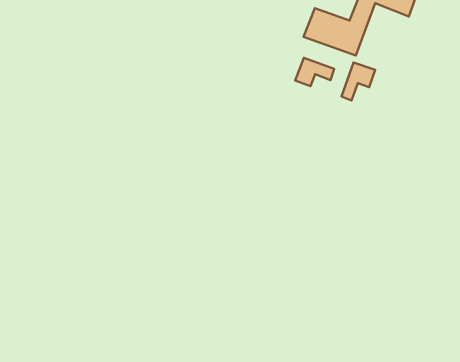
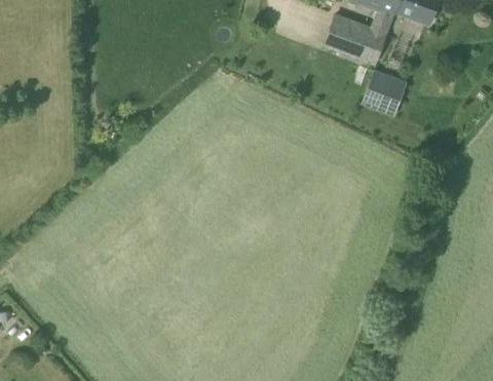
building: [295,58,334,86] -> none

